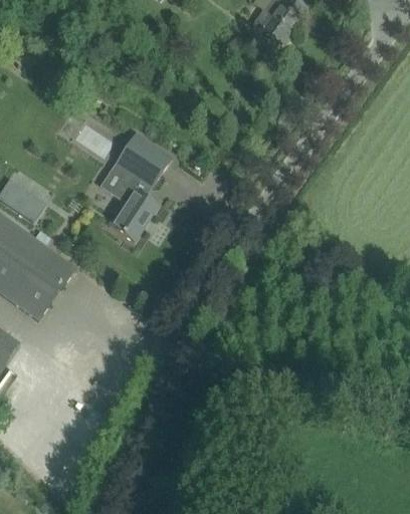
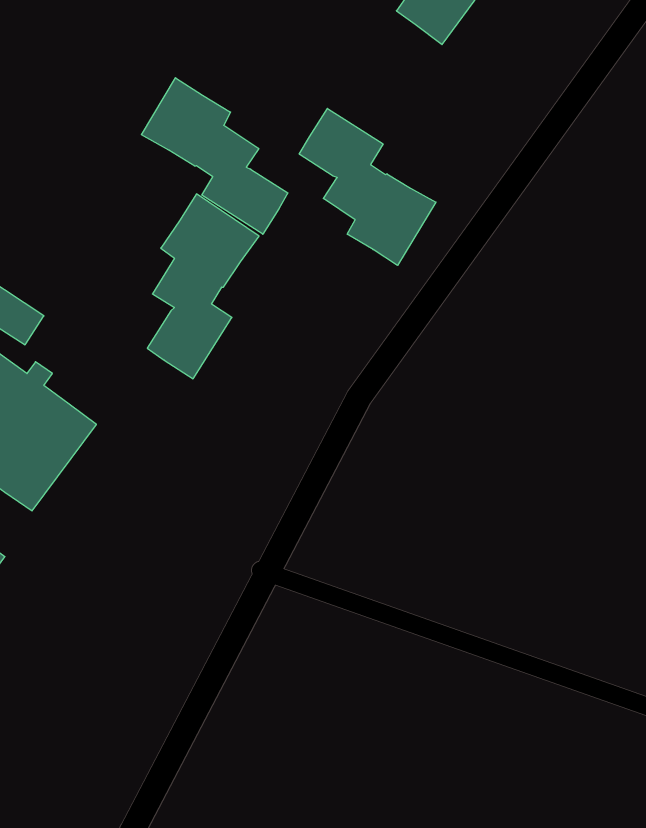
building: none -> [141,78,288,234]
building: none -> [299,108,436,265]

